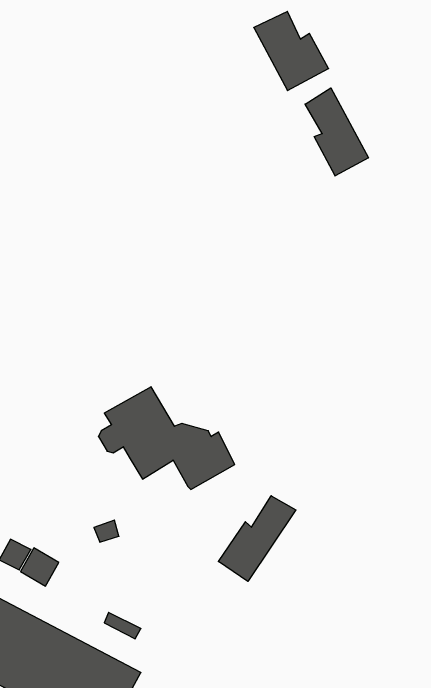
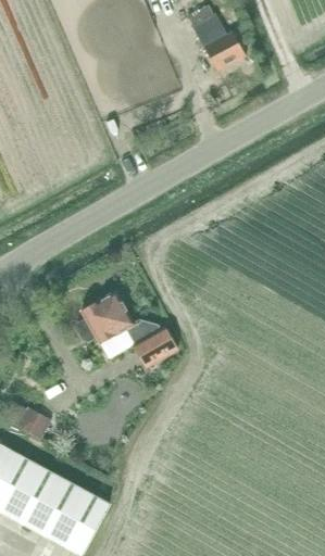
building: [305,88,368,176] -> none
building: [218,496,296,581] -> none

